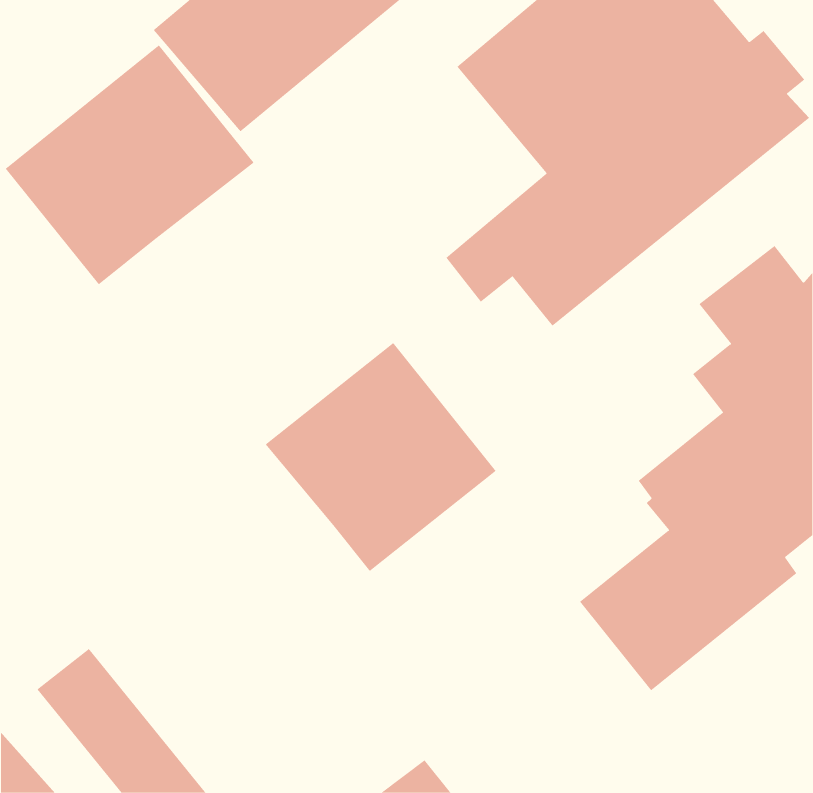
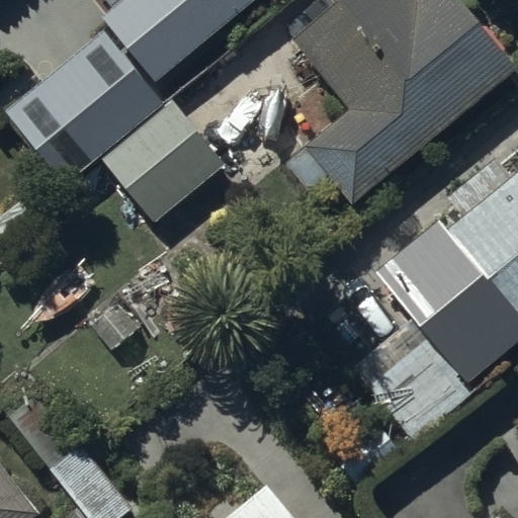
building: none -> [98,97,224,221]
building: [265,342,496,572] -> none

